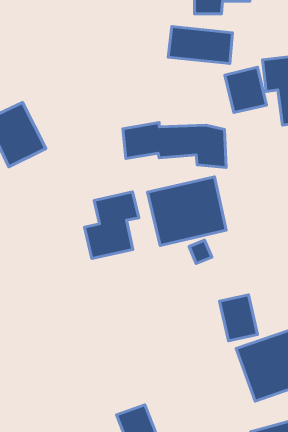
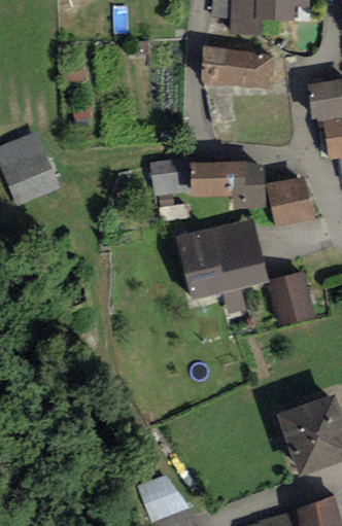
building: [225,67,267,112] -> [267,175,314,226]
building: [84,192,139,258] -> none
building: [220,295,258,341] -> [269,269,312,321]

